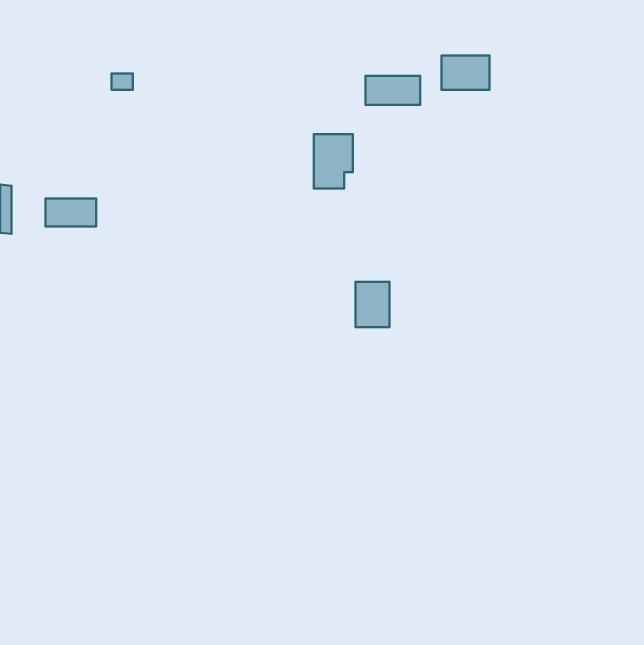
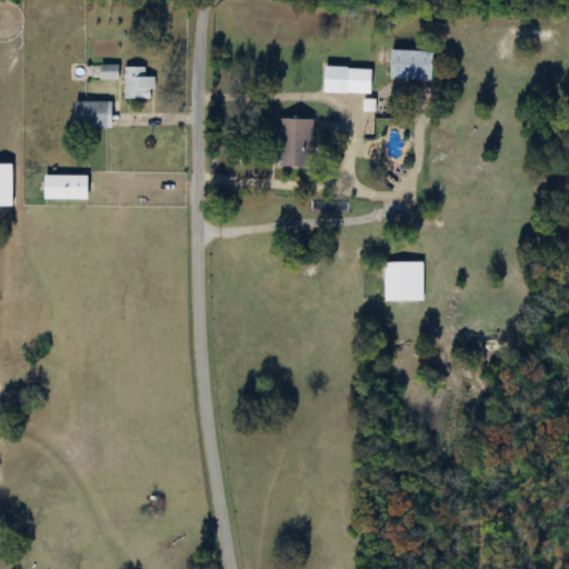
building: none -> [124,67,154,98]
building: none -> [73,101,107,128]
building: [355,282,390,327] -> [385,259,415,299]

